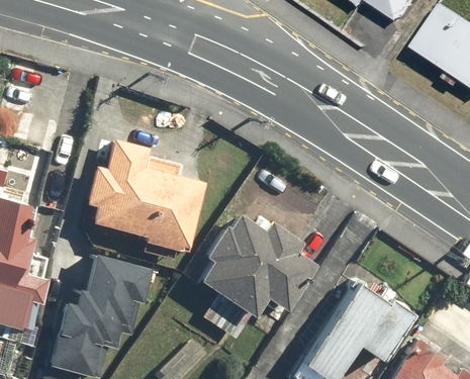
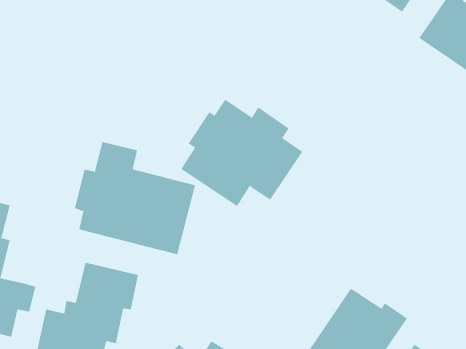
building: [195,213,312,316] -> [180,99,303,207]

